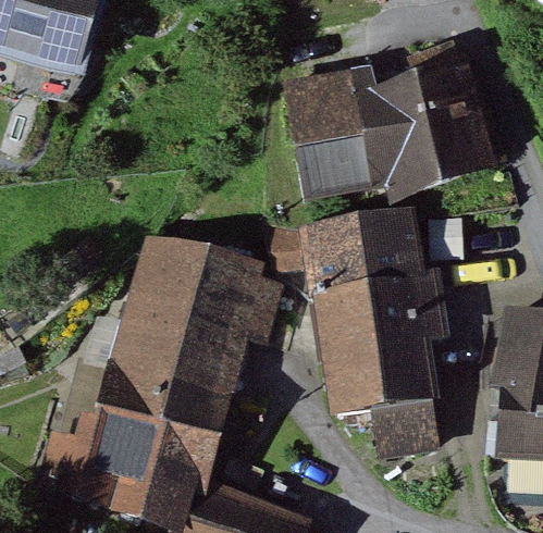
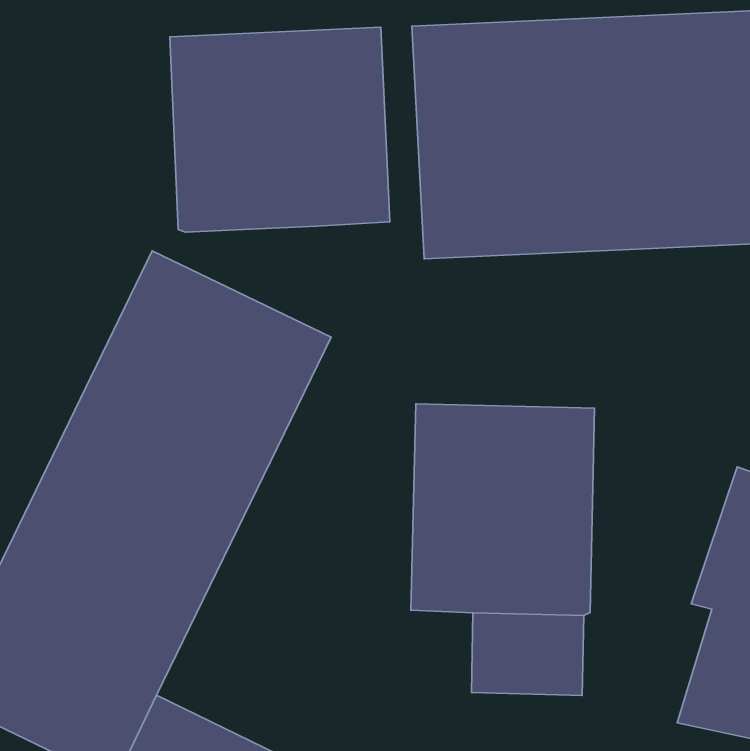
building: none -> [170,27,390,232]
building: [308,212,419,297] -> none

